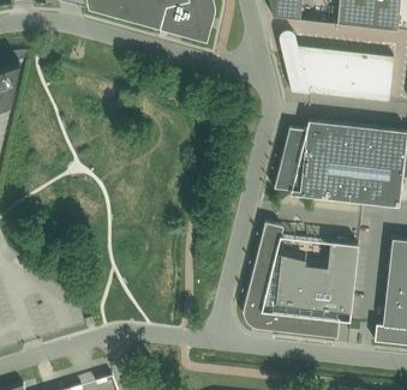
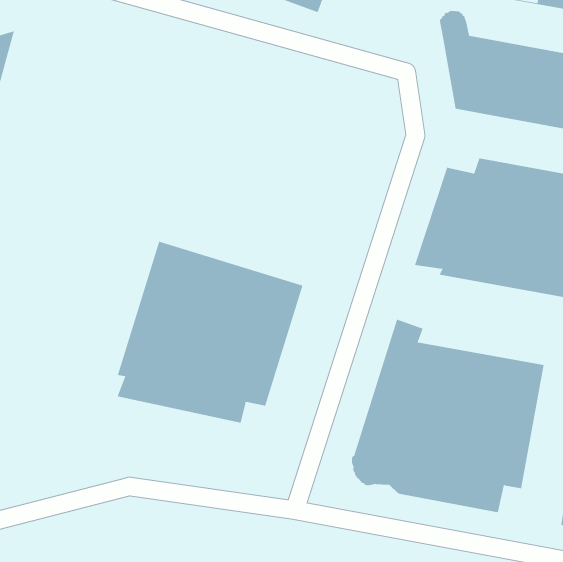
building: none -> [117,241,303,424]

